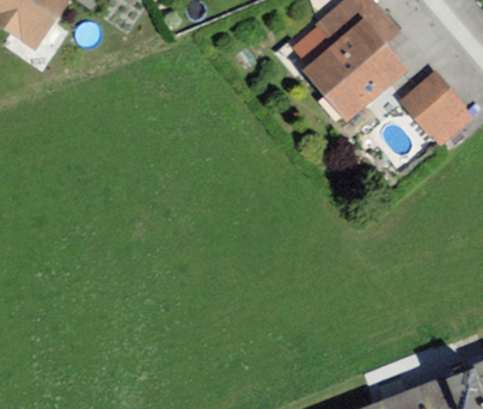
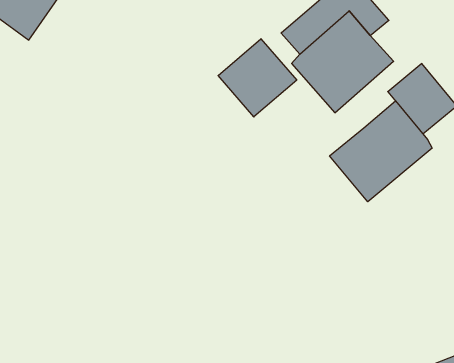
building: none -> [218,39,297,117]
building: none -> [330,101,432,202]

